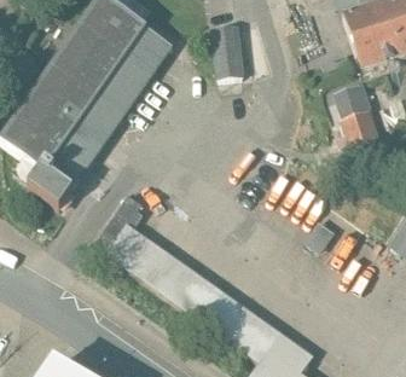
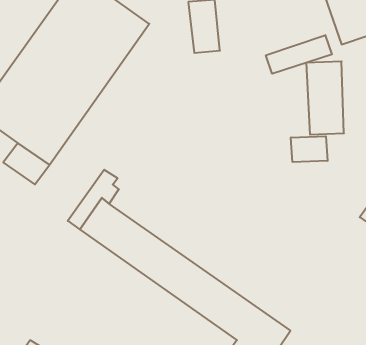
building: none -> [266,35,332,74]
building: none -> [291,136,328,162]

